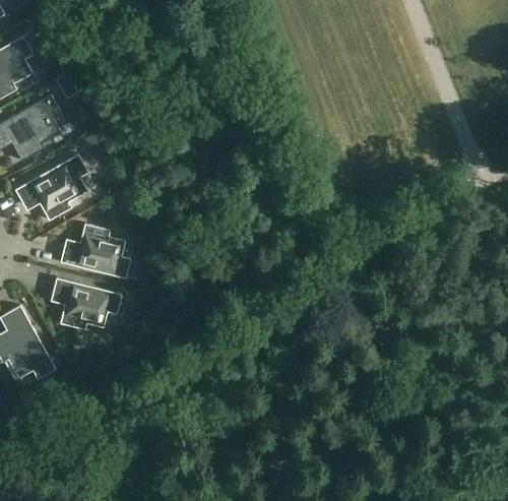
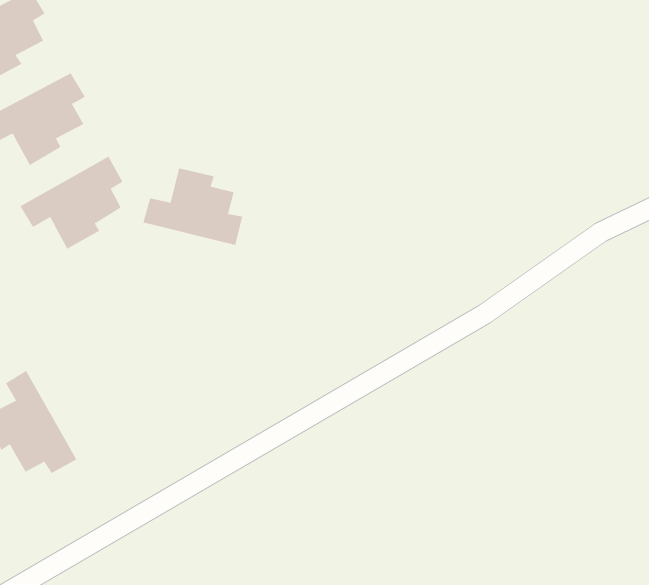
building: [59,223,130,277] -> [142,168,243,245]
building: [51,277,121,329] -> none

